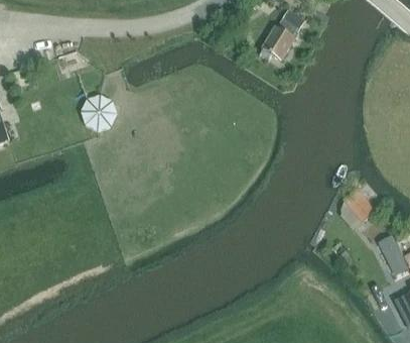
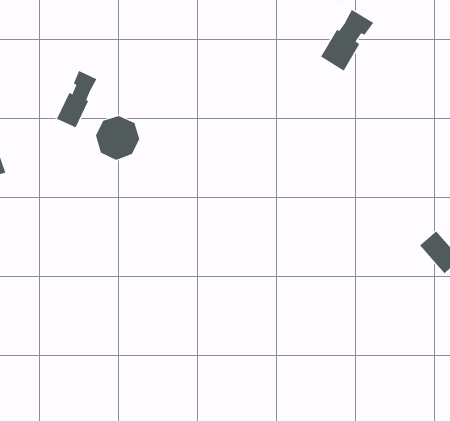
building: none -> [56,70,97,128]

